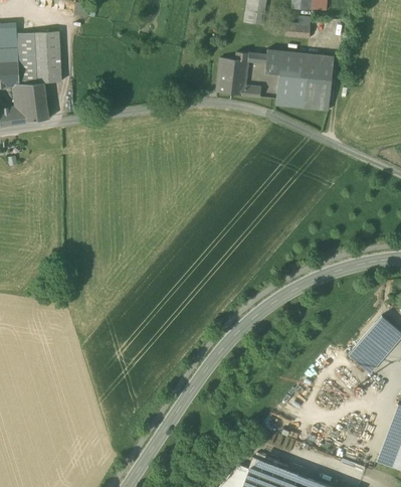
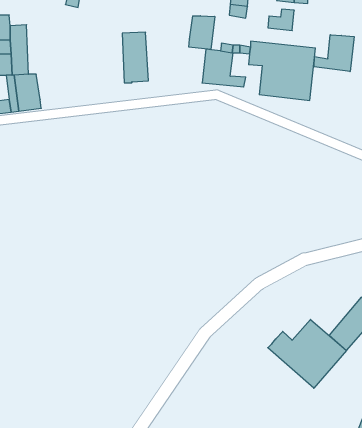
building: none -> [189,16,215,50]
building: [34,31,61,84] -> [122,32,148,83]
building: none -> [314,35,354,72]
building: none -> [268,319,347,388]

